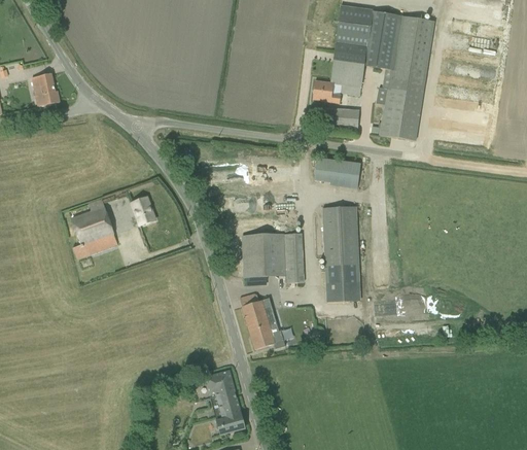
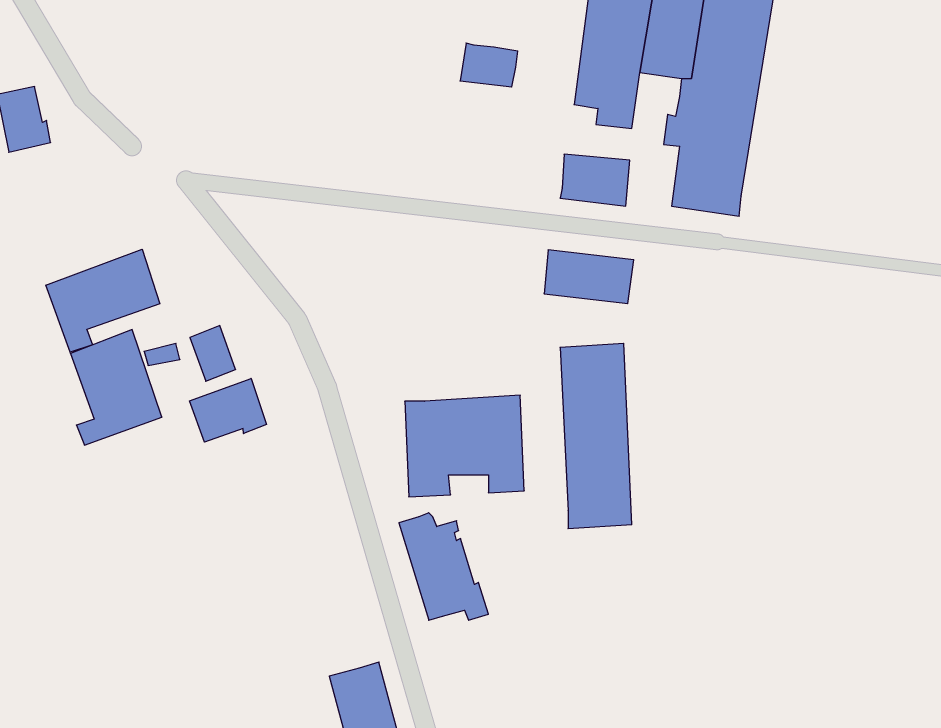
building: [313,80,343,103] -> [460,43,518,87]
building: none -> [46,249,160,352]
building: none -> [190,378,266,442]

